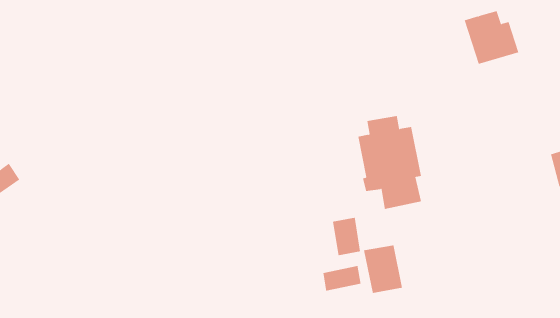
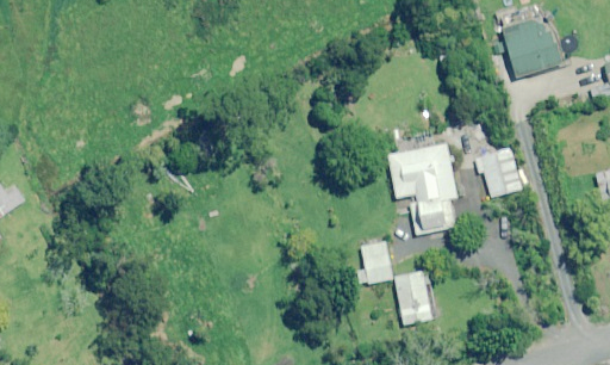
building: none -> [474,148,521,197]
building: [323,265,361,291] -> none

